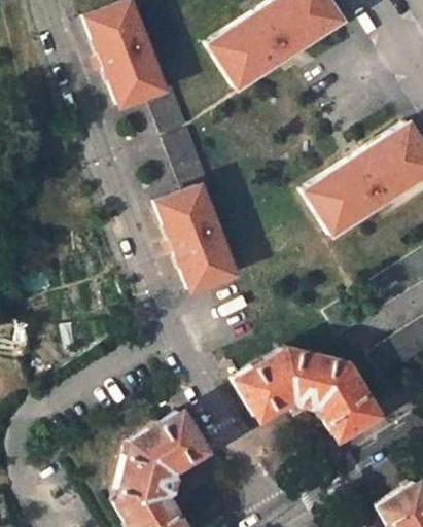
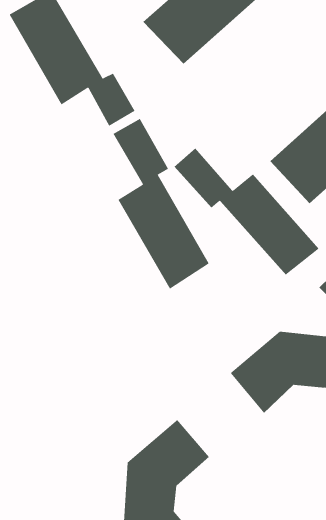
building: none -> [174,147,319,275]

